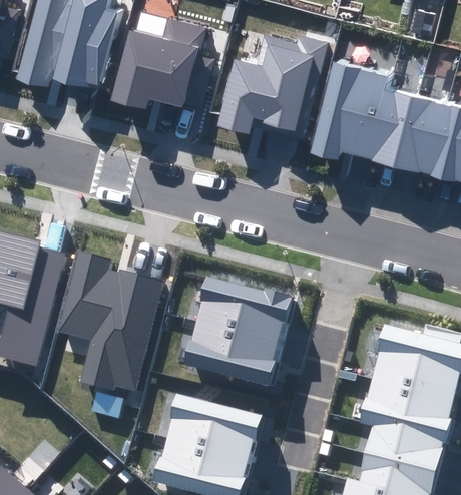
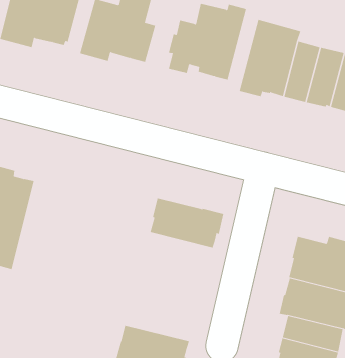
building: [50,255,155,395] -> none
building: [187,322,280,386] -> none
building: [169,395,264,458] -> none

